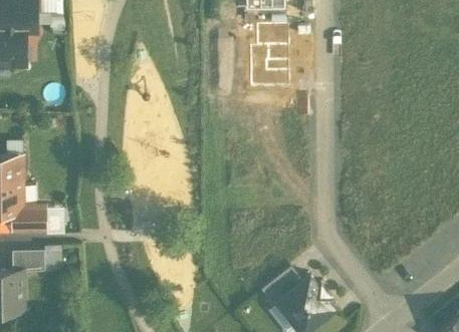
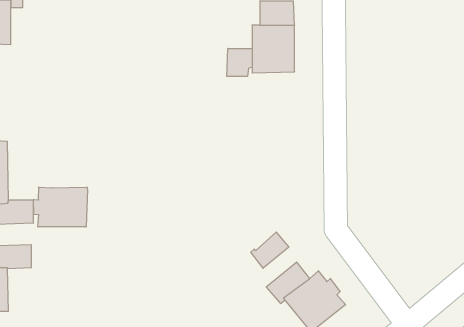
building: none -> [227,48,252,76]
building: none -> [34,187,87,227]
building: none -> [251,232,289,268]

